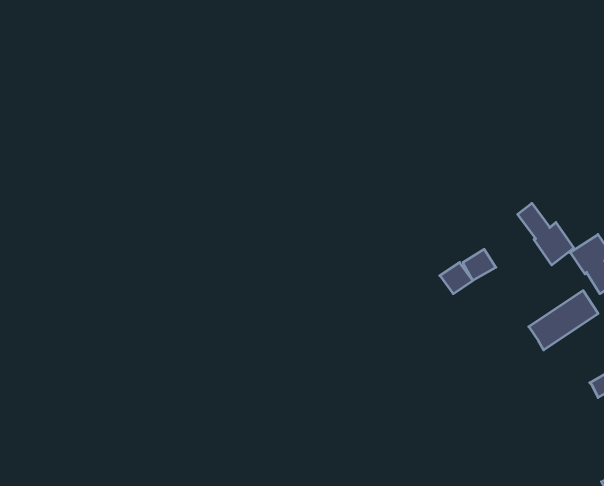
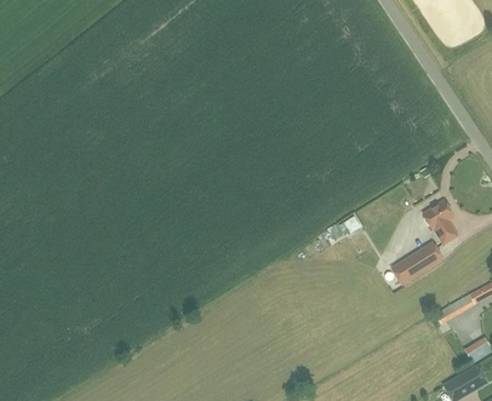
building: [518,203,574,265] -> none

